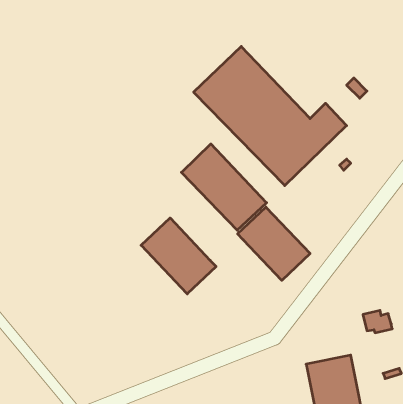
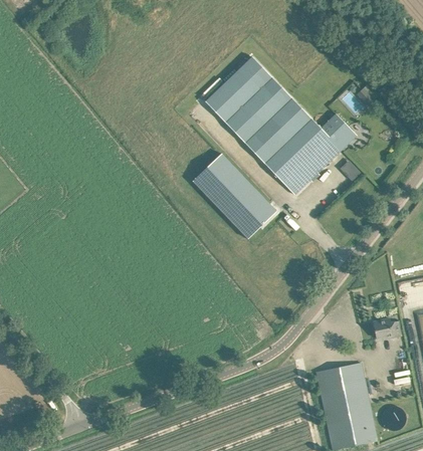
building: [238,207,310,280] -> none
building: [141,218,216,294] -> none

